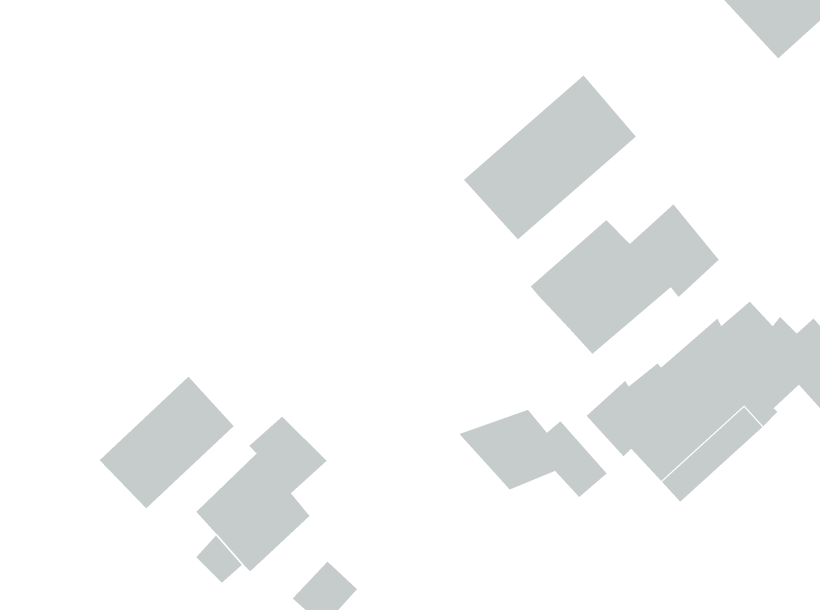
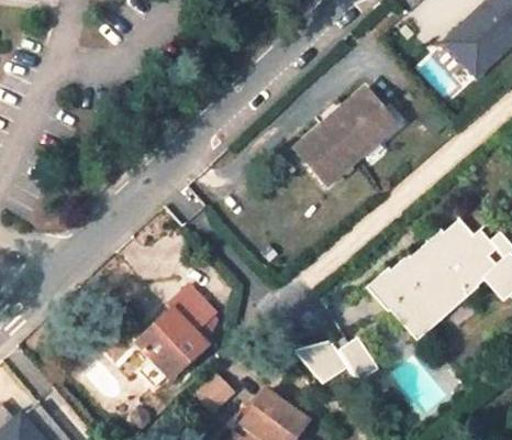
building: [530,203,720,355] -> none
building: [99,376,234,509] -> none
building: [459,409,608,498] -> [291,337,378,388]

